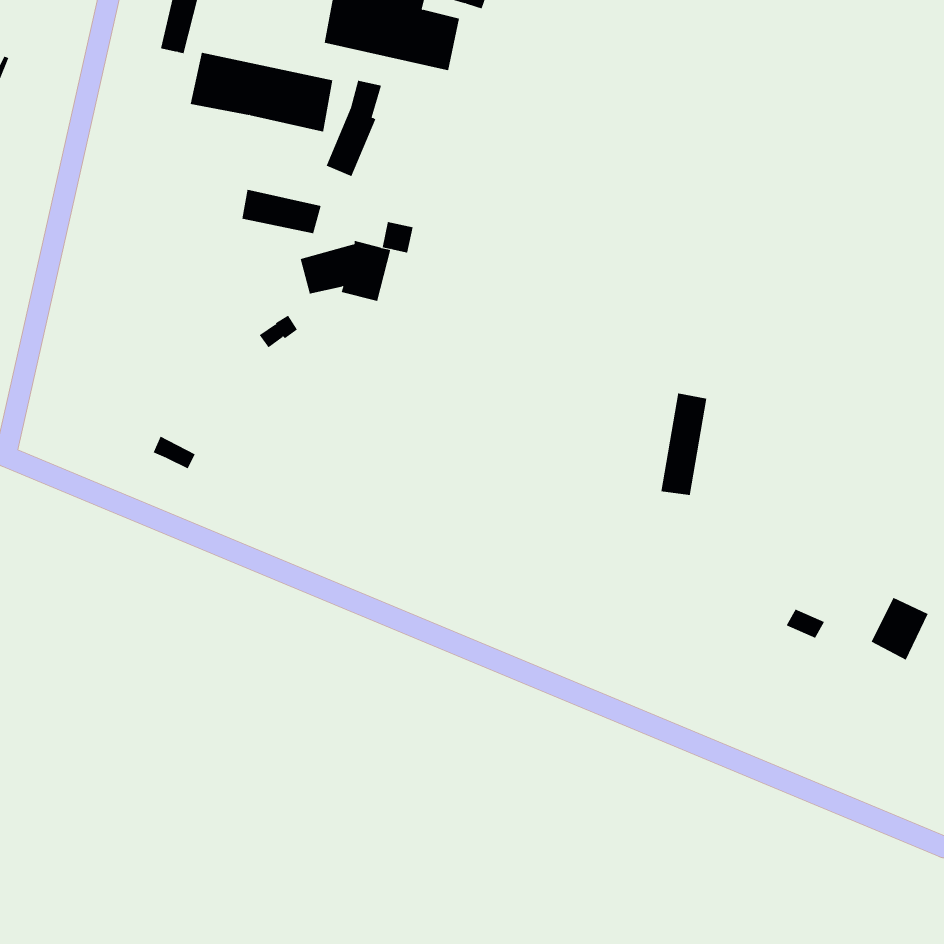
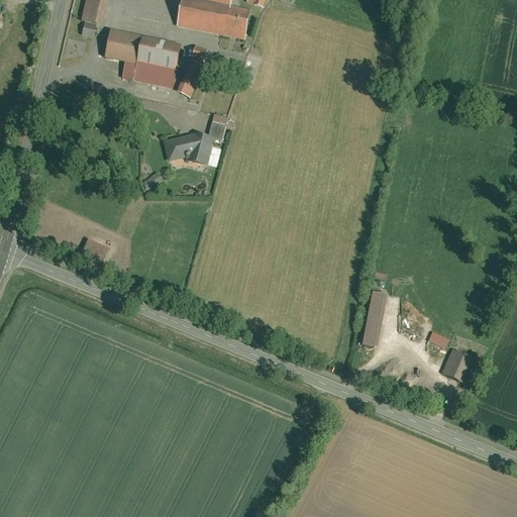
building: [241,189,321,234] -> [132,63,176,87]
building: [661,393,707,495] -> [361,291,387,346]
building: [871,597,928,661] -> [439,347,471,382]

